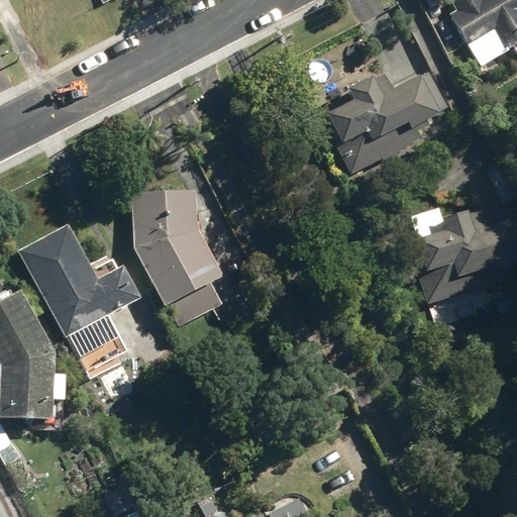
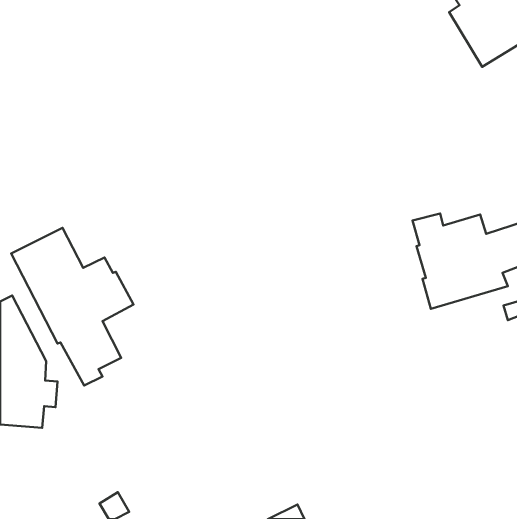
building: [322,70,449,177] -> none
building: [134,191,223,324] -> none

